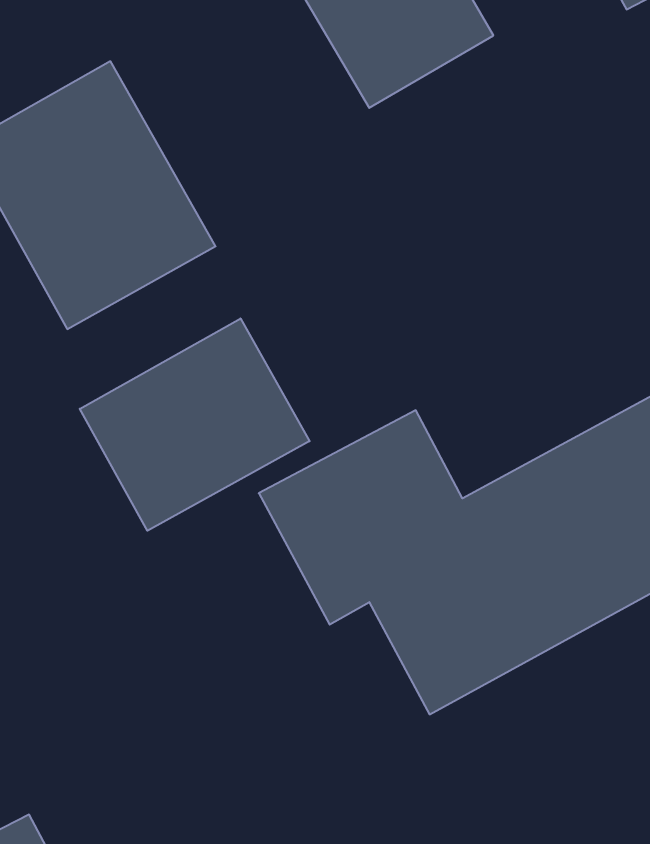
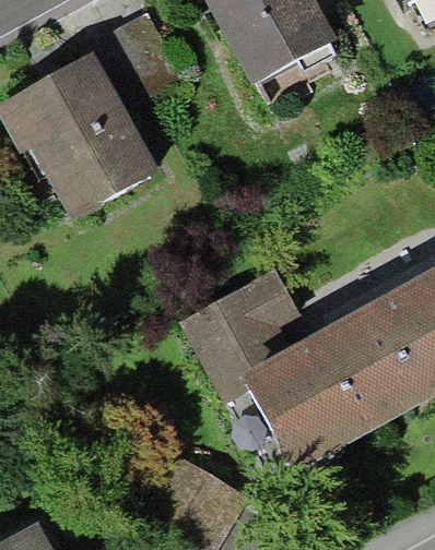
building: [80,318,310,531] -> none

